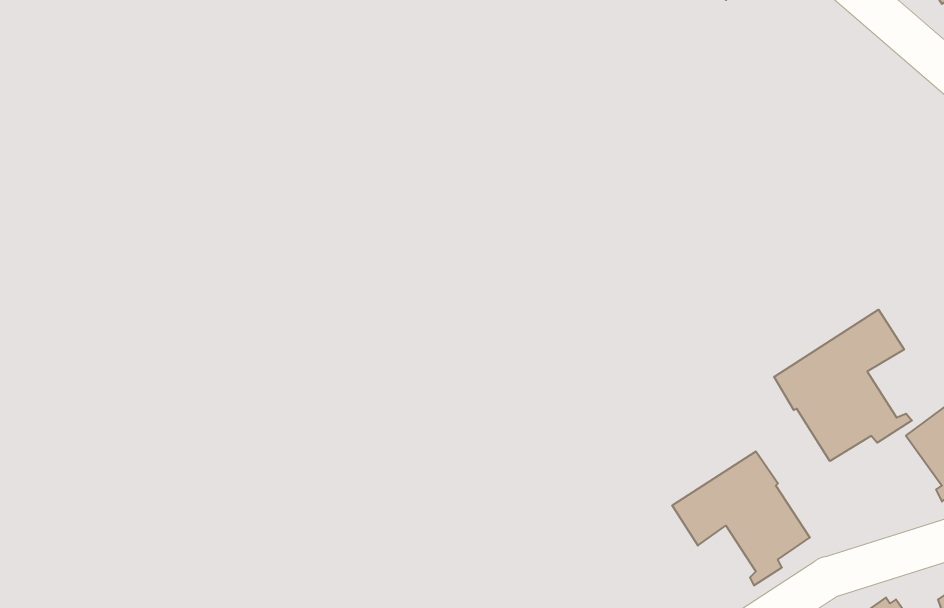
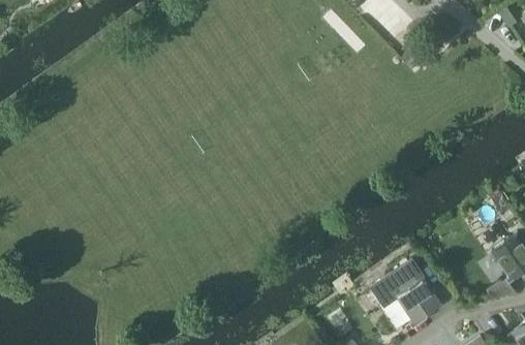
building: [774,310,912,461] -> none

